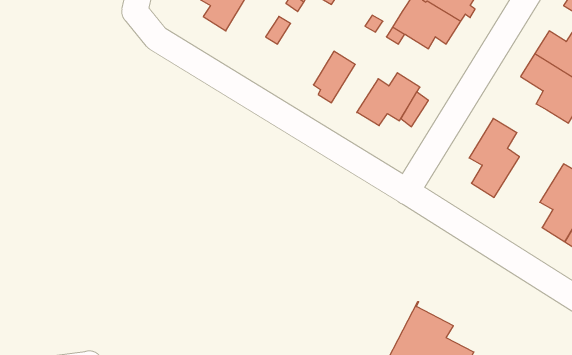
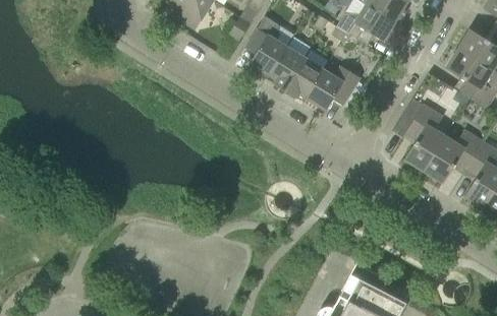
building: none -> [250,16,287,79]
building: none -> [285,58,325,103]
building: none -> [424,130,483,183]

